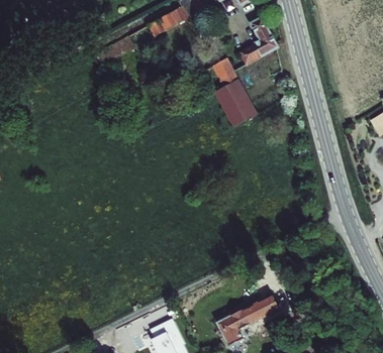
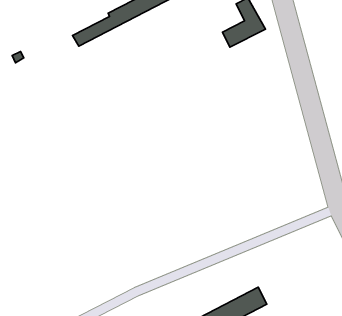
building: [202,57,258,125] -> none

